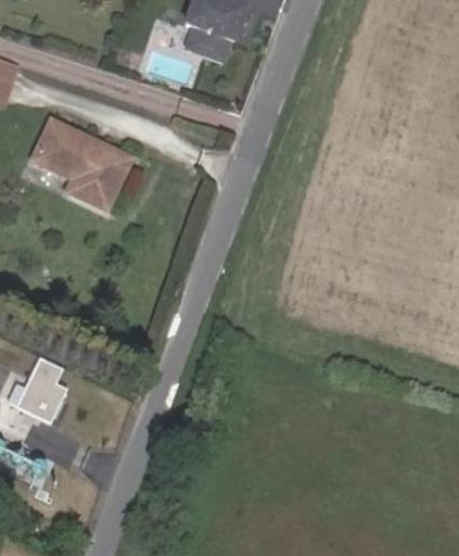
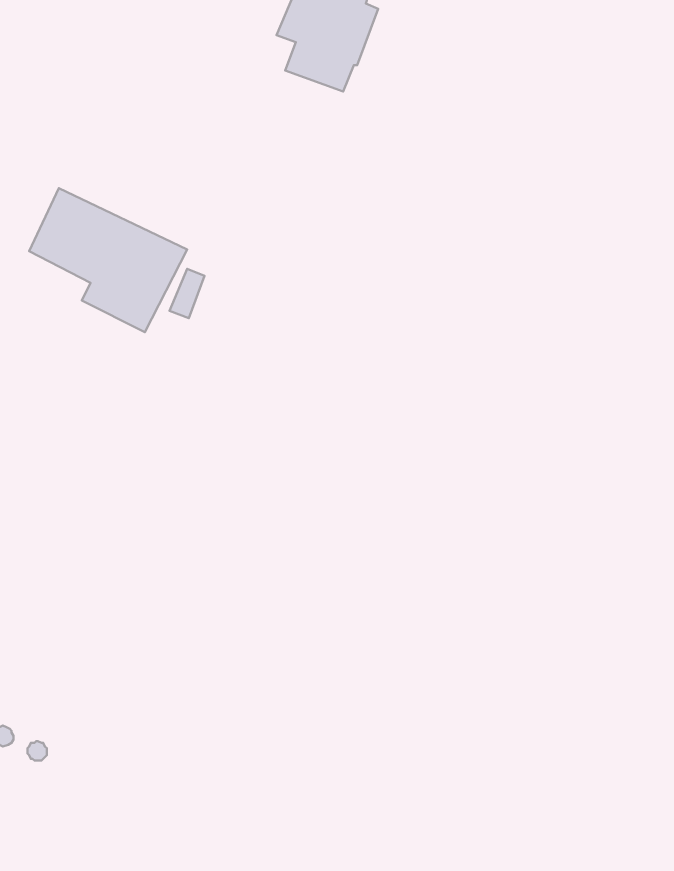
building: [22,364,65,424] -> none

